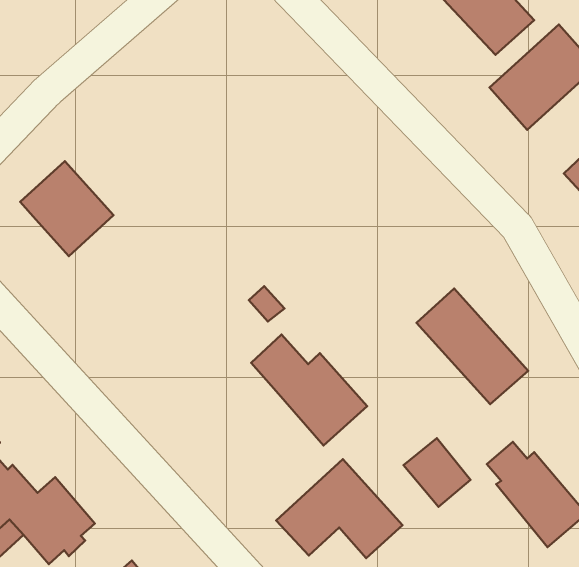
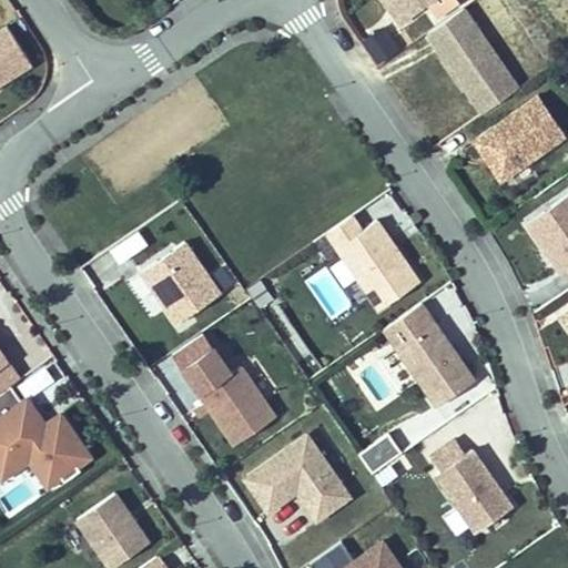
building: [20,161,114,256] -> [143,242,220,322]
building: none -> [326,215,418,310]
building: [251,335,367,445] -> [182,349,274,447]

